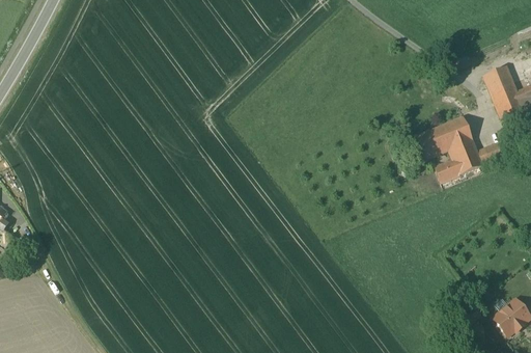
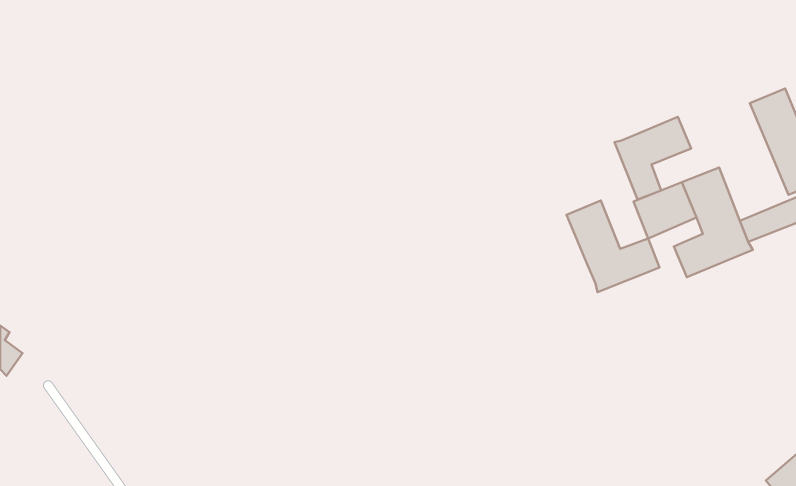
building: none -> [615,117,691,200]
building: none -> [567,200,659,292]

